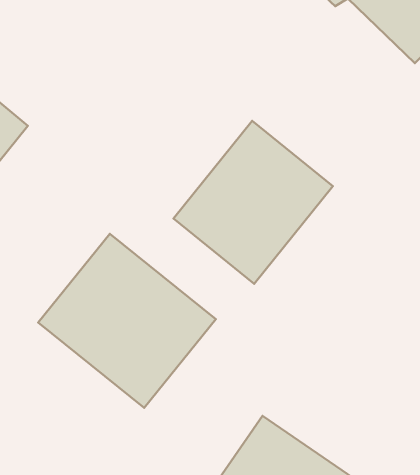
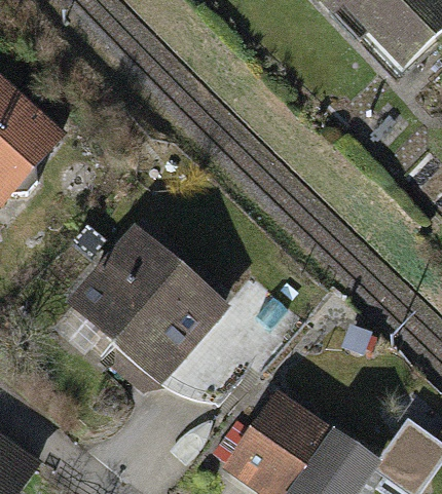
building: [173,121,333,284] -> none

